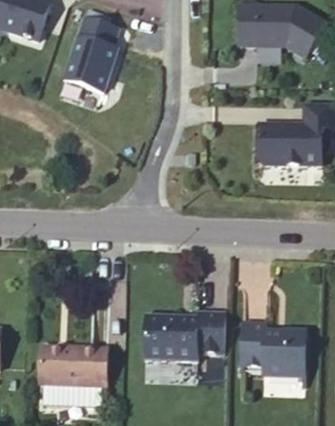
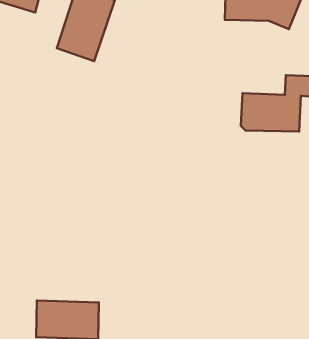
building: [145,312,226,361] -> none
building: [240,321,305,379] -> none

